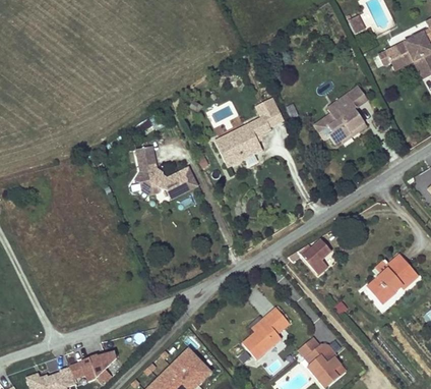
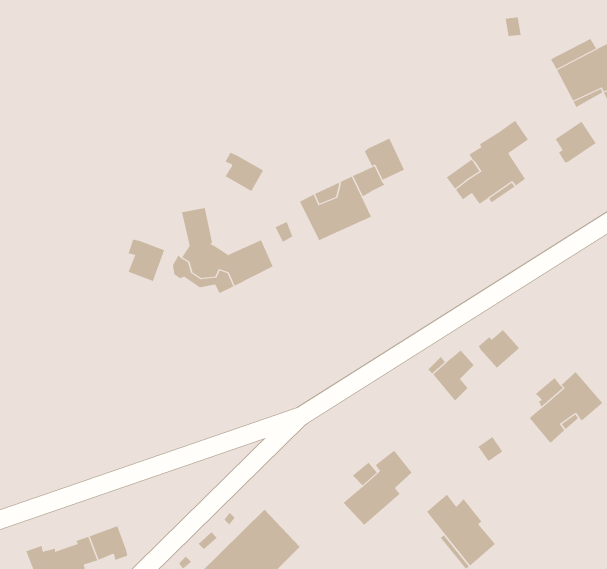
building: none -> [555,121,597,163]
building: none -> [225,152,264,192]
building: none -> [128,239,165,282]
building: none -> [478,329,520,369]
building: [90,351,123,383] -> none

